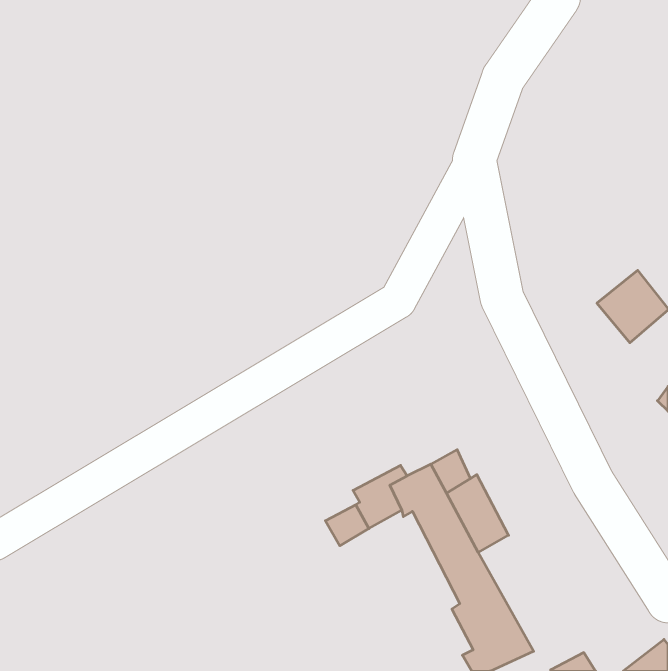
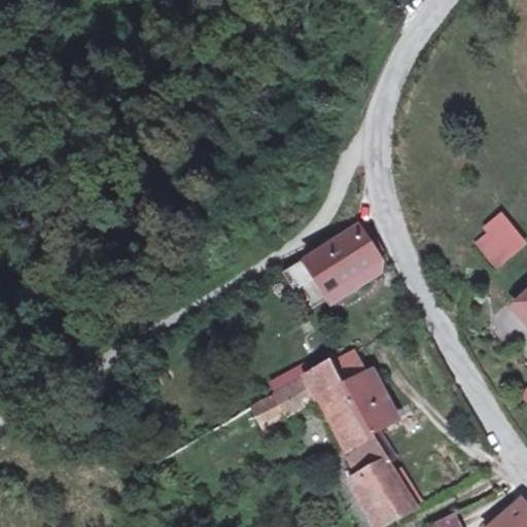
building: none -> [290,229,385,296]

